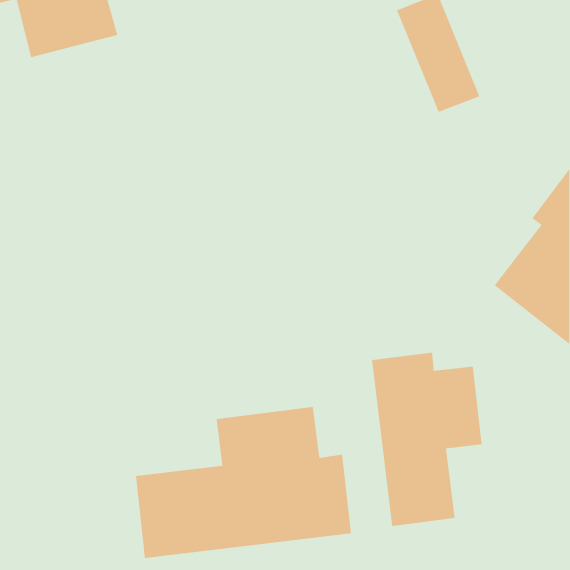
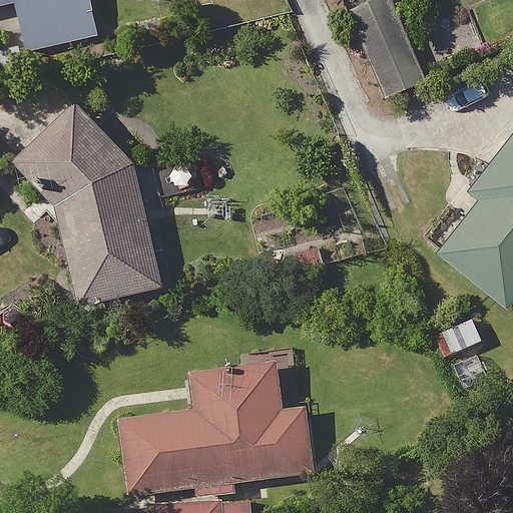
building: none -> [14,105,164,306]
building: [372,352,482,527] -> none

